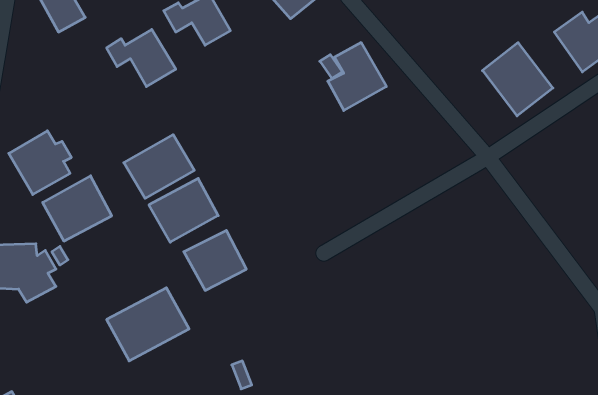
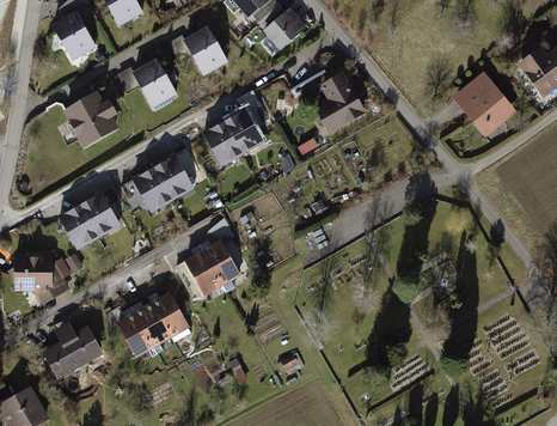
building: [9,131,71,195] -> [62,90,118,147]
building: [149,178,218,242] -> [202,108,264,165]
building: none -> [42,319,103,378]

